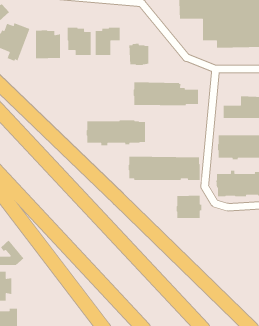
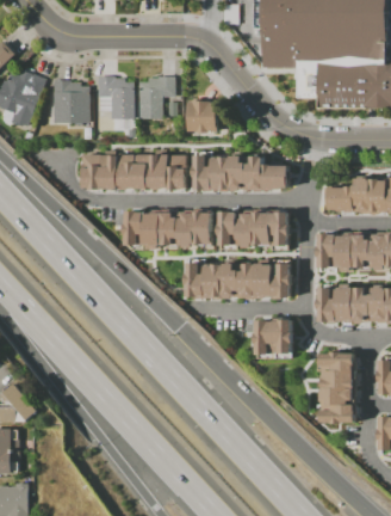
building: none -> [83,155,187,190]
building: none -> [219,211,291,246]
building: none -> [319,352,356,424]

